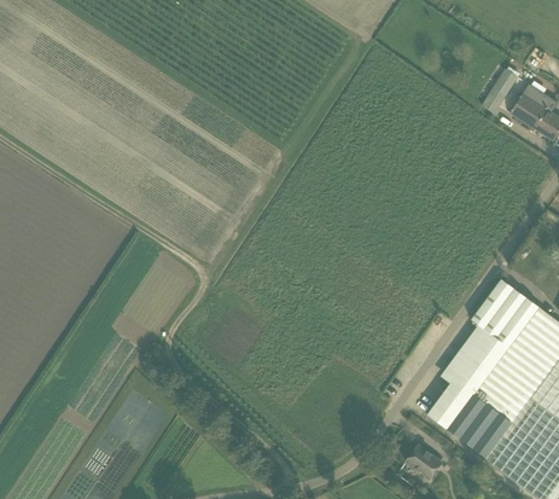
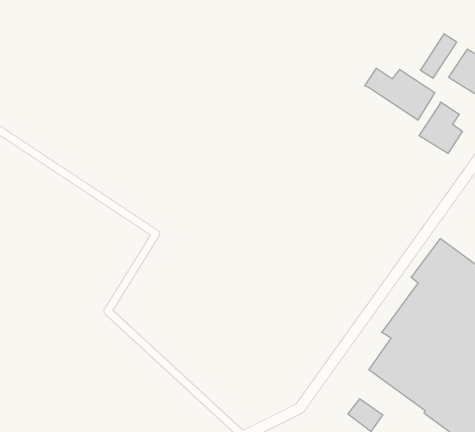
building: none -> [365,68,435,120]
building: none -> [419,102,462,153]

